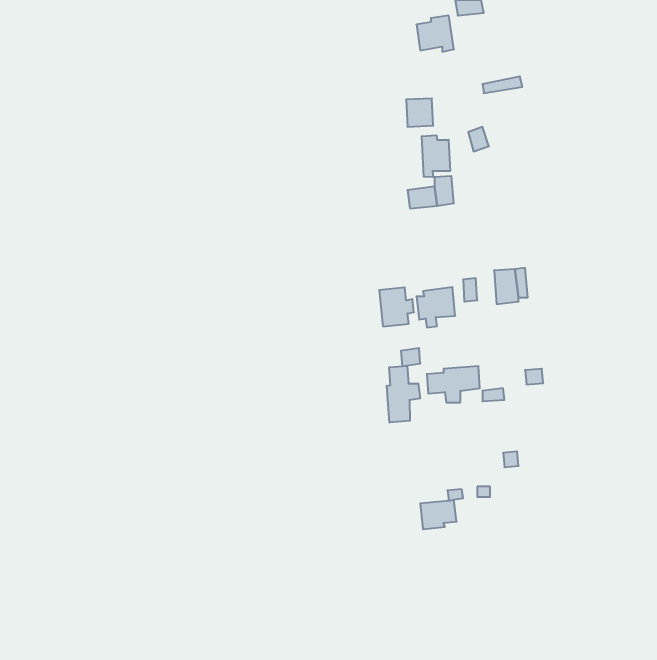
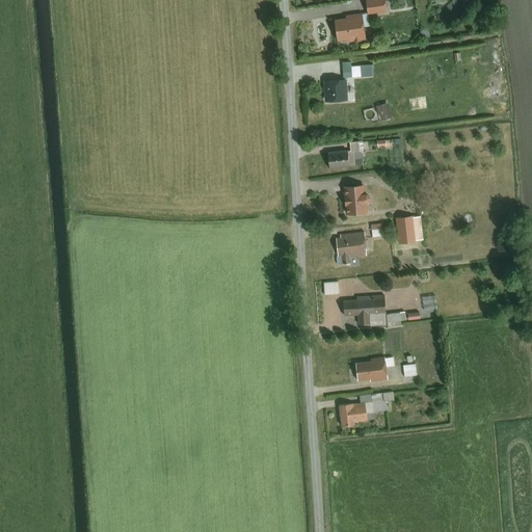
building: [422,135,450,177] -> none
building: [379,288,414,326] -> [344,185,372,216]
building: [387,366,420,423] -> none
building: none -> [356,360,389,380]

